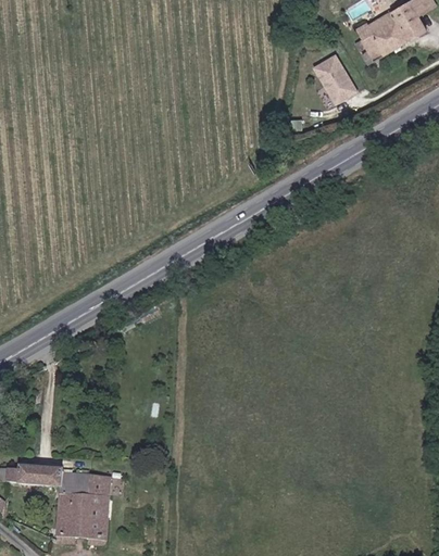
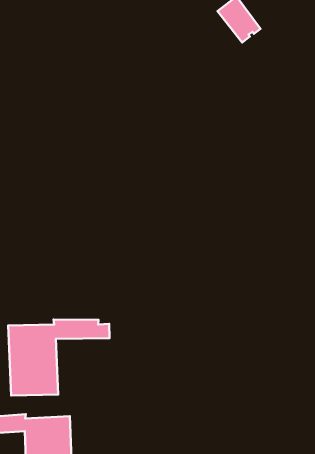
building: none -> [8,320,110,395]

